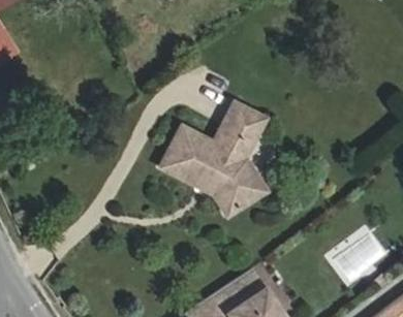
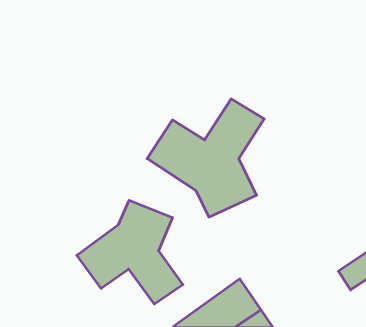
building: none -> [77,200,183,304]

